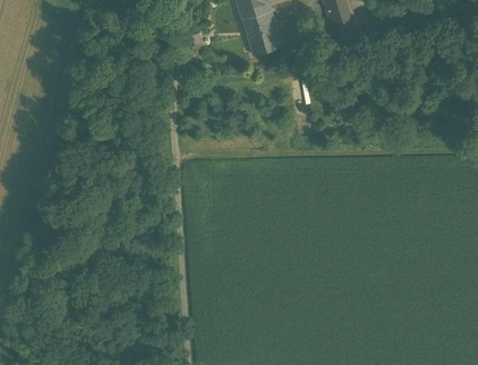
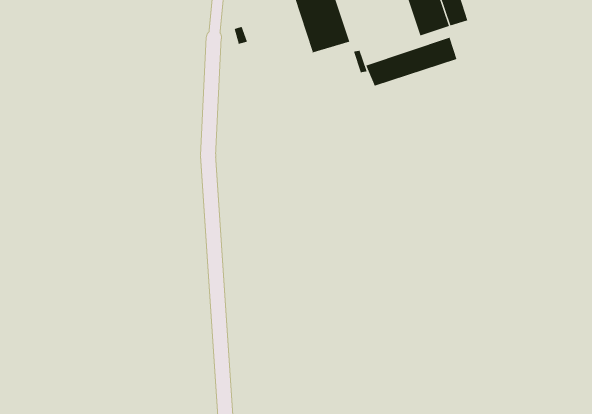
building: none -> [366,37,457,87]

